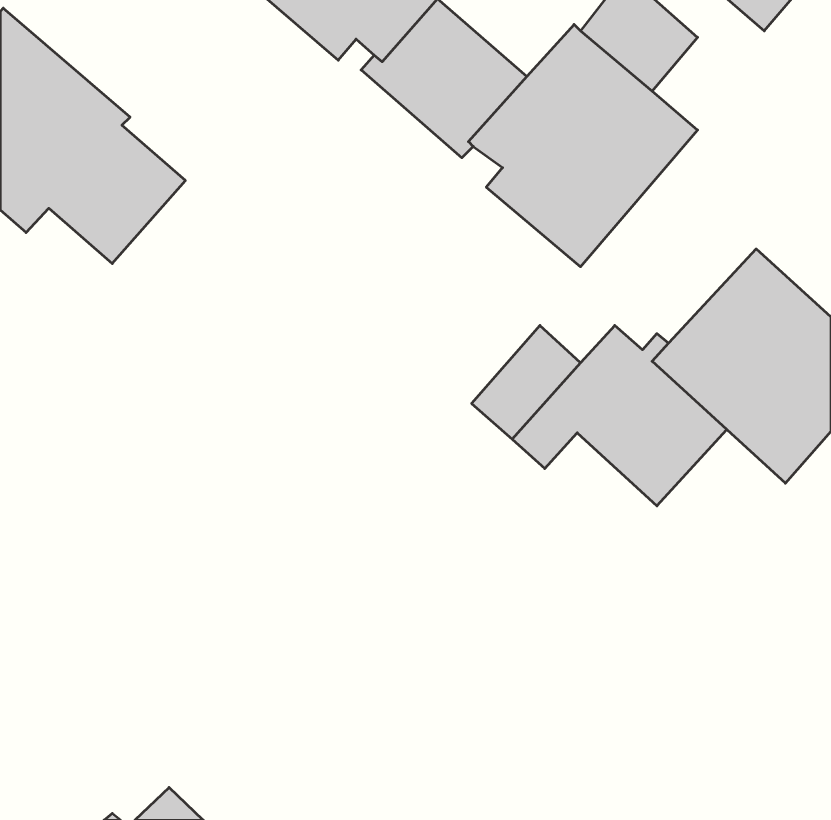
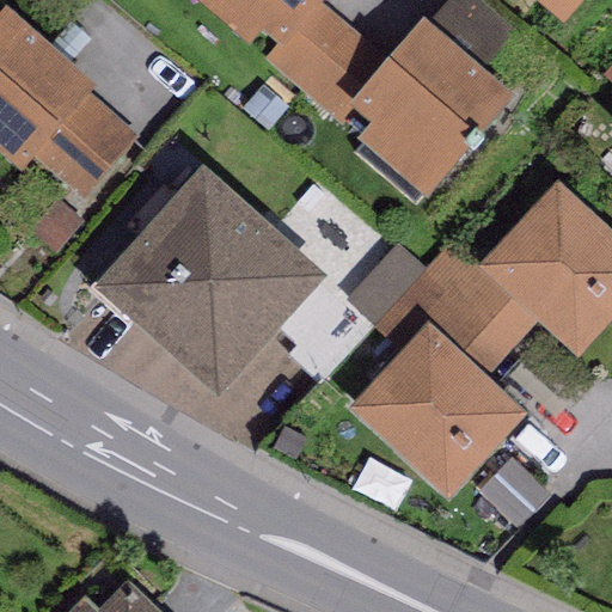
building: none -> [92,167,328,403]
building: none -> [349,318,525,497]

